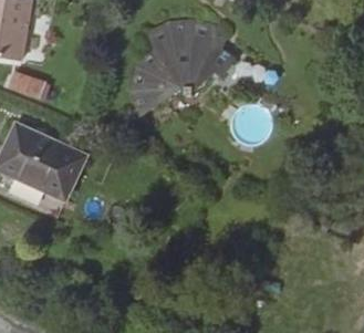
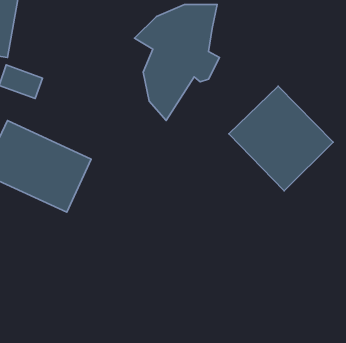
building: none -> [229,86,333,191]

